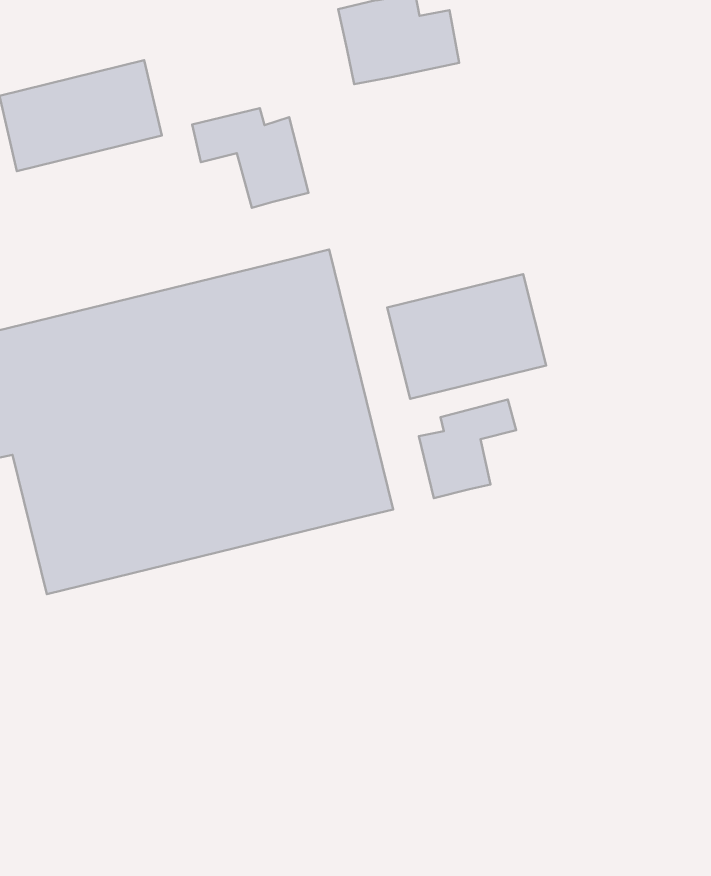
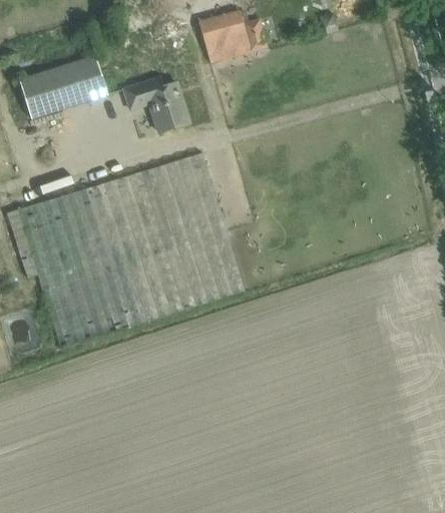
building: [387,274,546,399] -> none
building: [419,400,516,498] -> none

